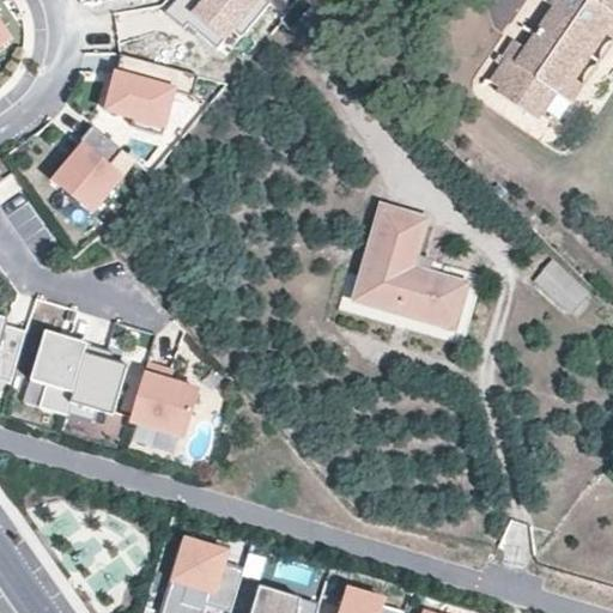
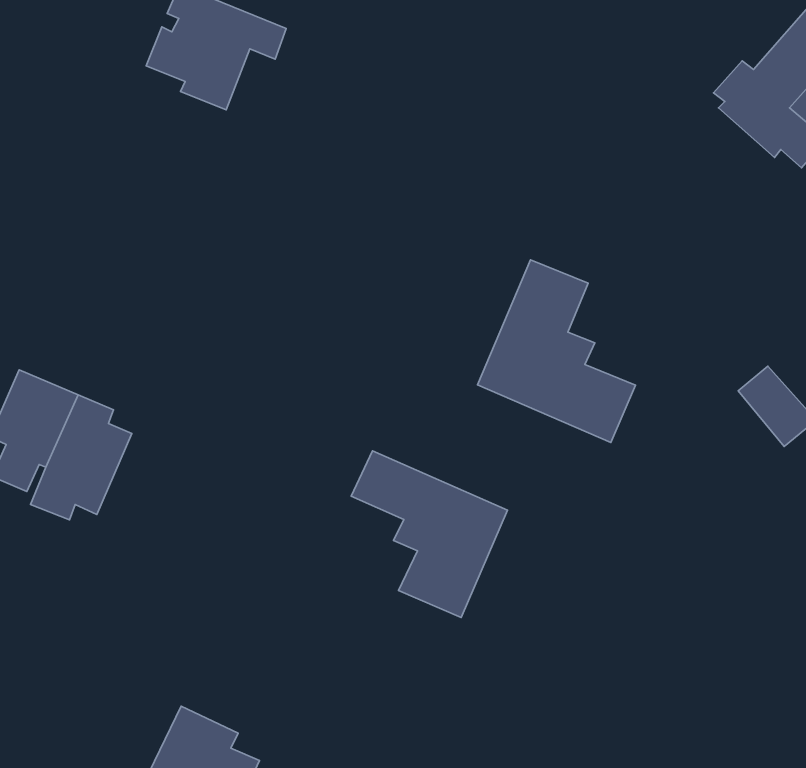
building: [51,125,120,212] -> none
building: none -> [351,451,508,618]
building: [127,359,205,439] -> none

